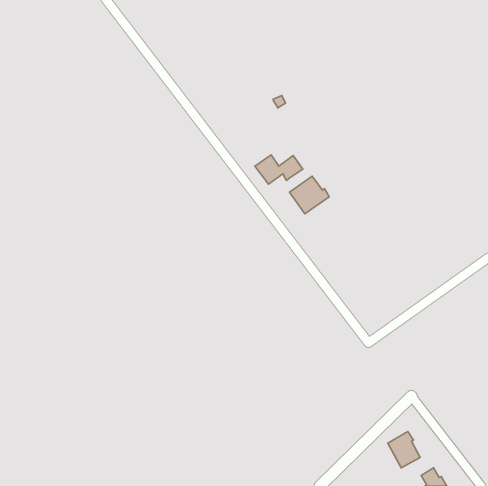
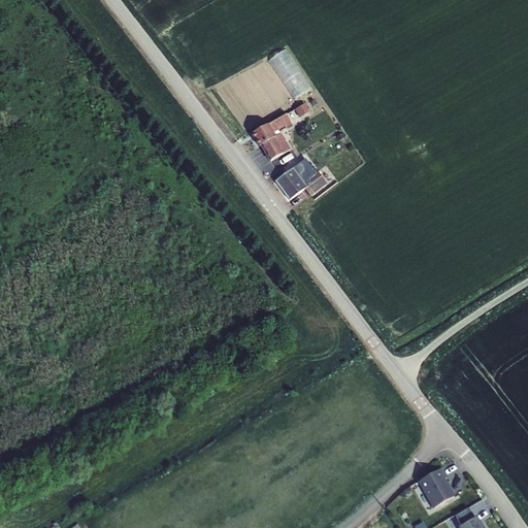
building: none -> [252,113,291,160]
building: [289,176,329,214] -> none

